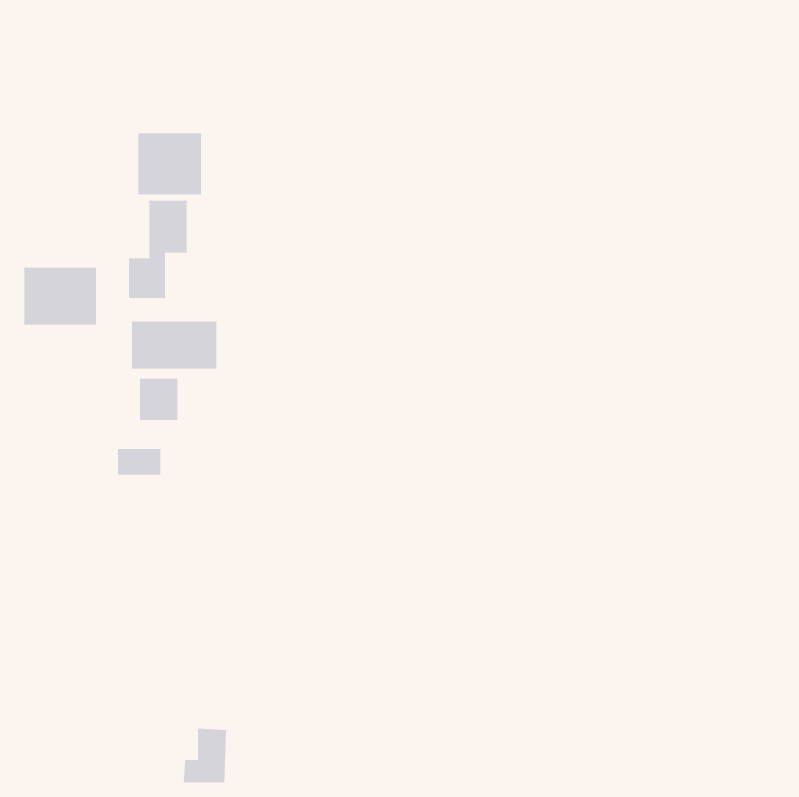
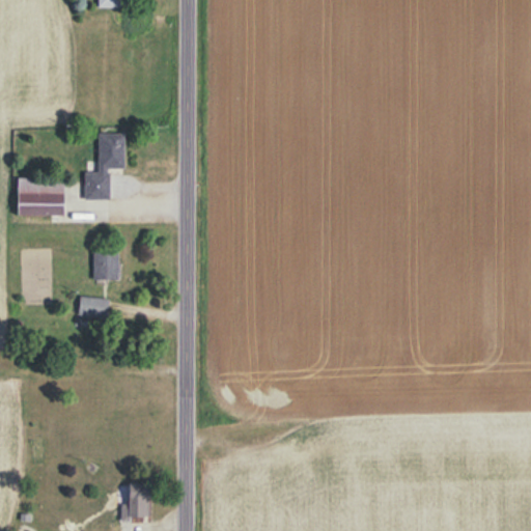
building: [138,132,201,195] -> none
building: [131,321,217,370] -> none

